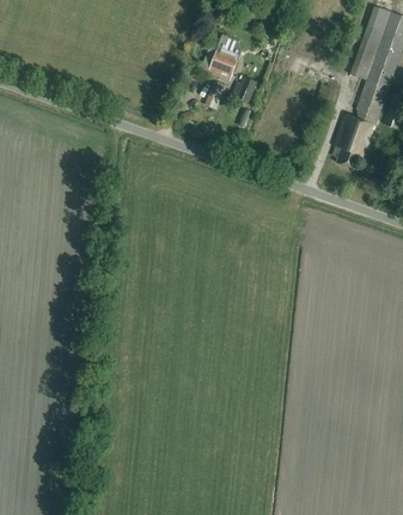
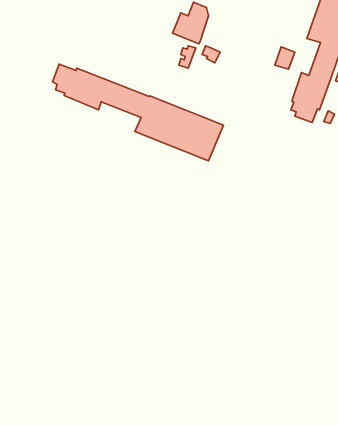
building: none -> [52,64,223,161]

